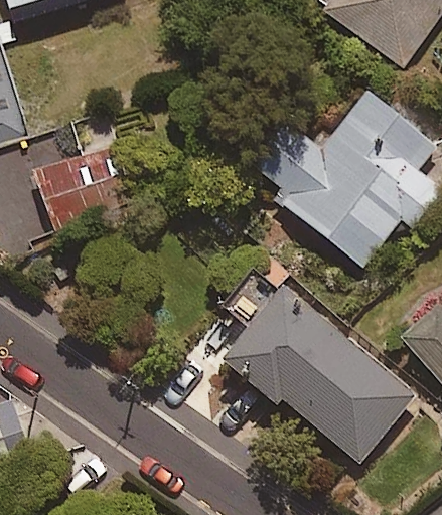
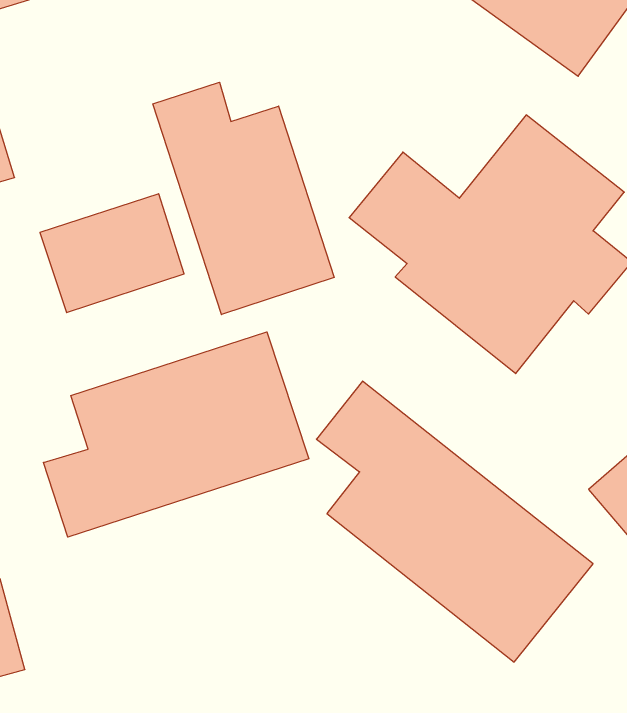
building: none -> [153,82,334,315]
building: none -> [43,332,309,537]

